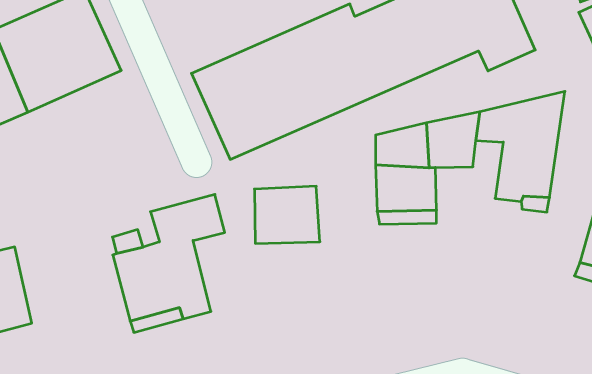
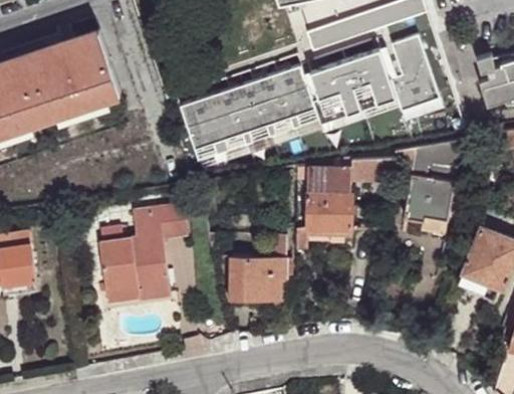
building: [254,186,320,243] -> [231,252,282,298]

